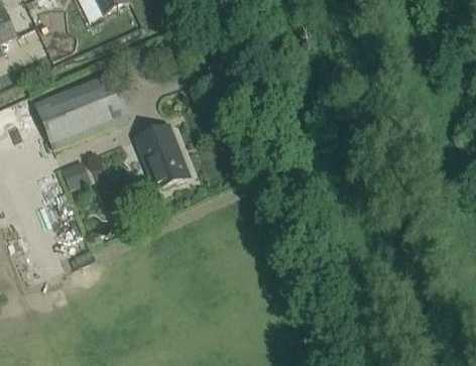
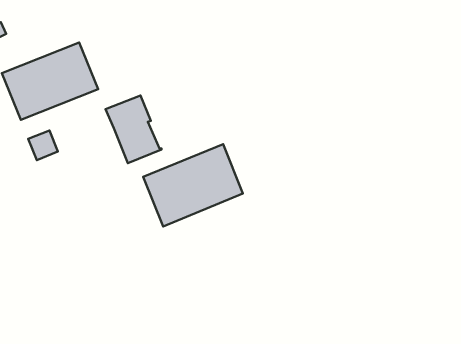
building: none -> [143,144,243,227]

